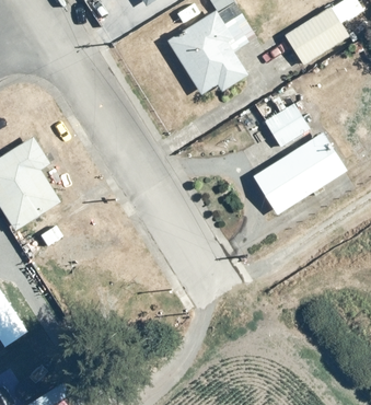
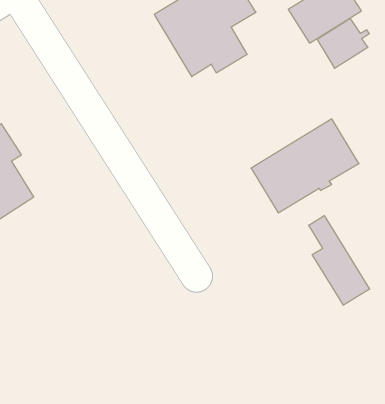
building: [264,103,310,147] -> [317,19,369,68]
building: none -> [309,216,370,305]

